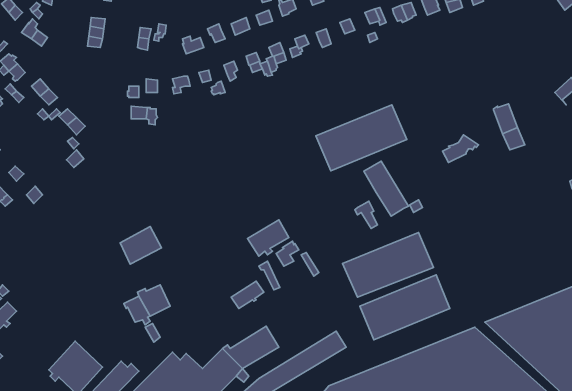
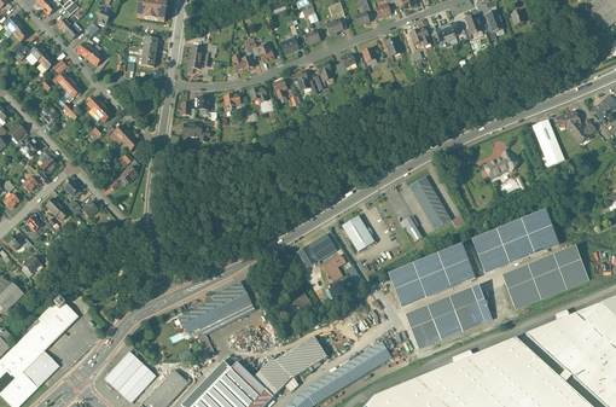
building: none -> [556,111,595,144]
building: [316,105,407,171] -> [471,211,559,275]
building: none -> [342,216,373,251]
building: [120,227,161,264] -> [211,280,251,316]
building: none -> [501,246,589,310]

